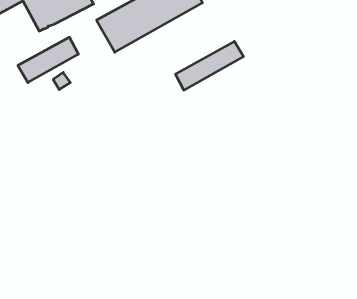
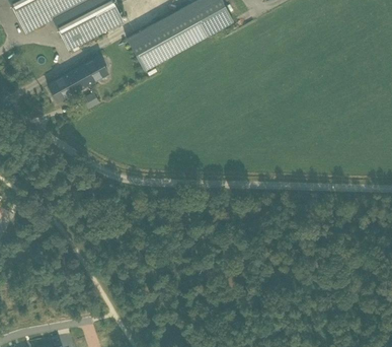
building: [176,41,243,90] -> none

